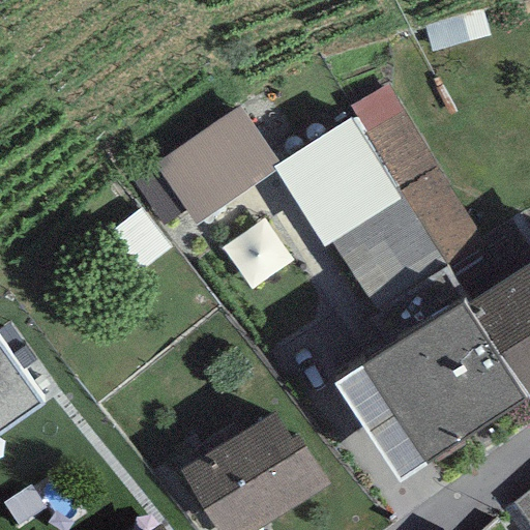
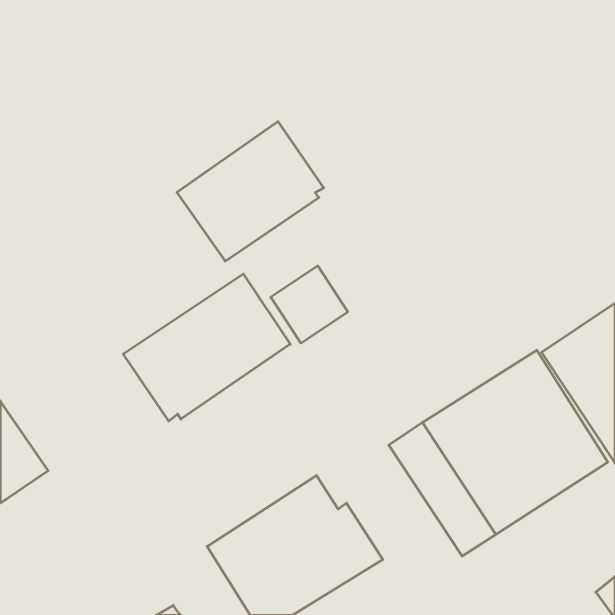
building: [350,83,490,269] -> none
building: [271,117,443,310] -> none
building: none -> [123,274,290,421]

